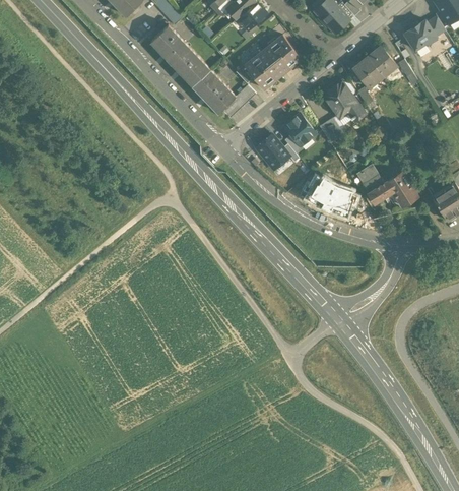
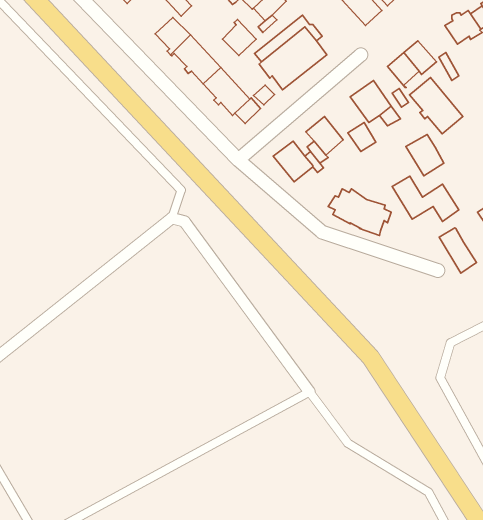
building: none -> [222,19,256,55]
building: none -> [410,78,463,134]
building: none -> [406,134,444,176]
building: none -> [439,228,476,273]

